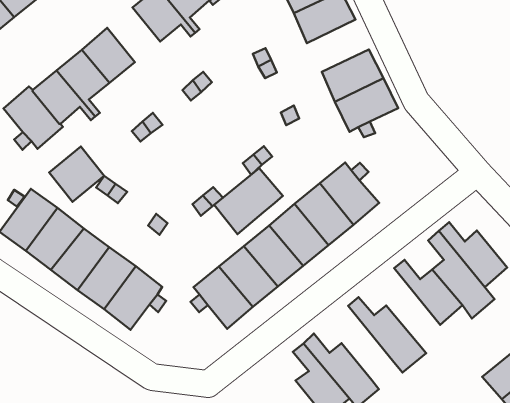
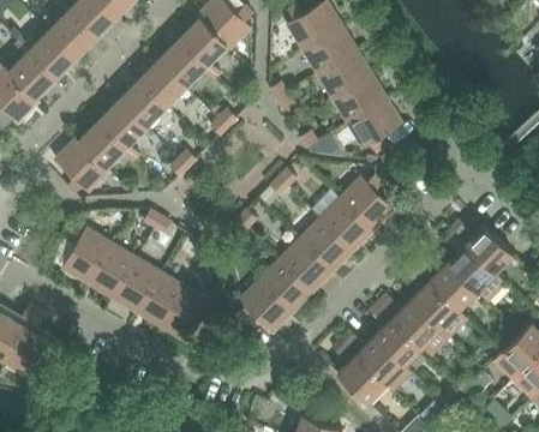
building: none -> [139,58,187,106]
building: none -> [317,48,372,97]
building: [49,147,104,202] -> none
building: [214,168,283,234] -> none
building: none -> [405,264,468,336]
building: none -> [369,301,423,365]

